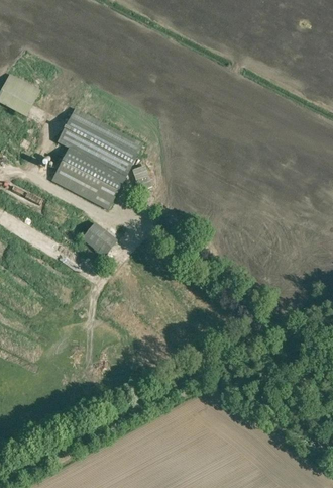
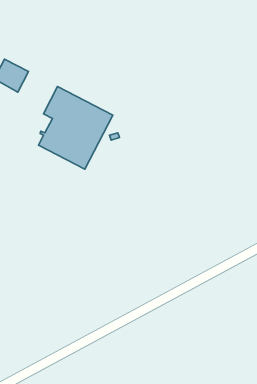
building: [81,223,116,258] -> none

